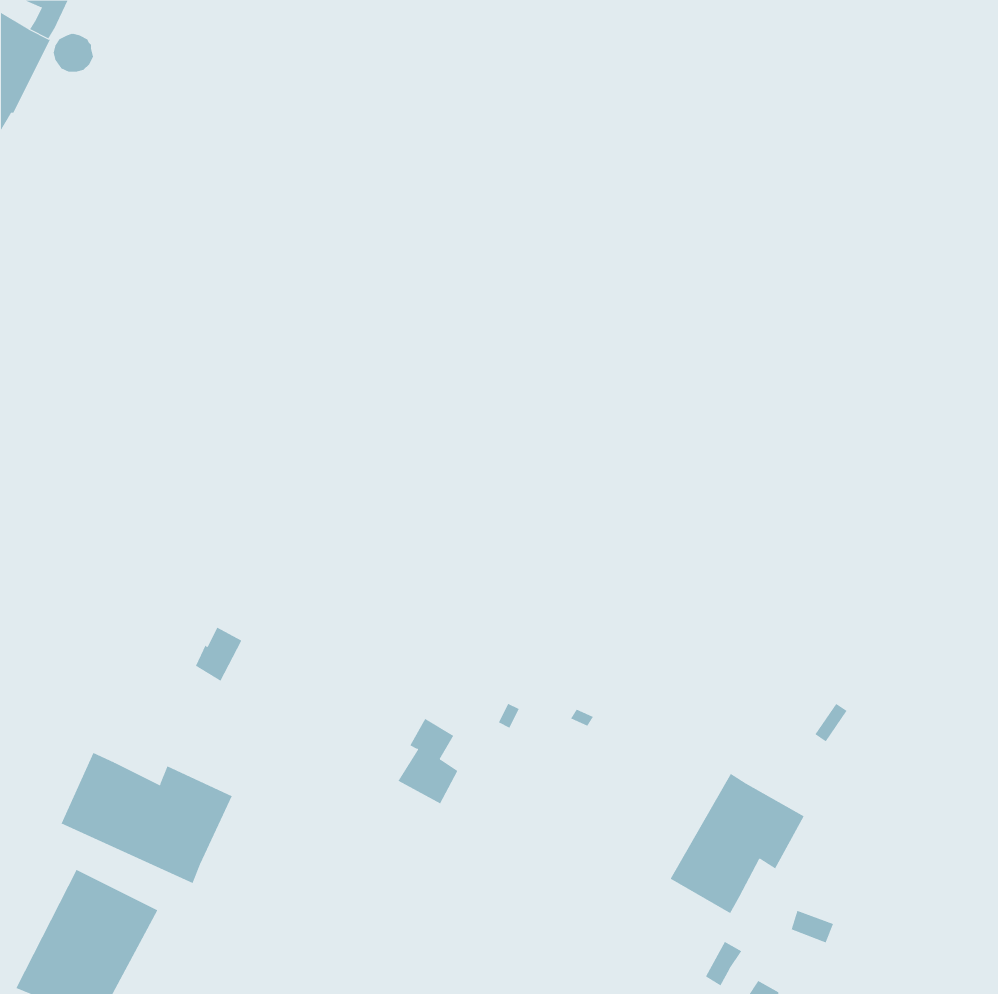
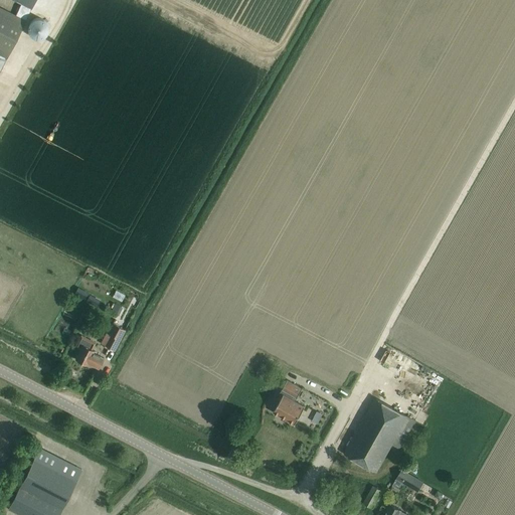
building: none -> [73,336,104,370]
building: [398,718,458,804] -> [273,381,304,425]
building: [61,752,232,884] -> none

